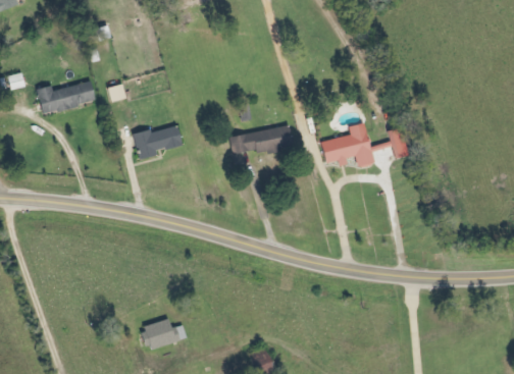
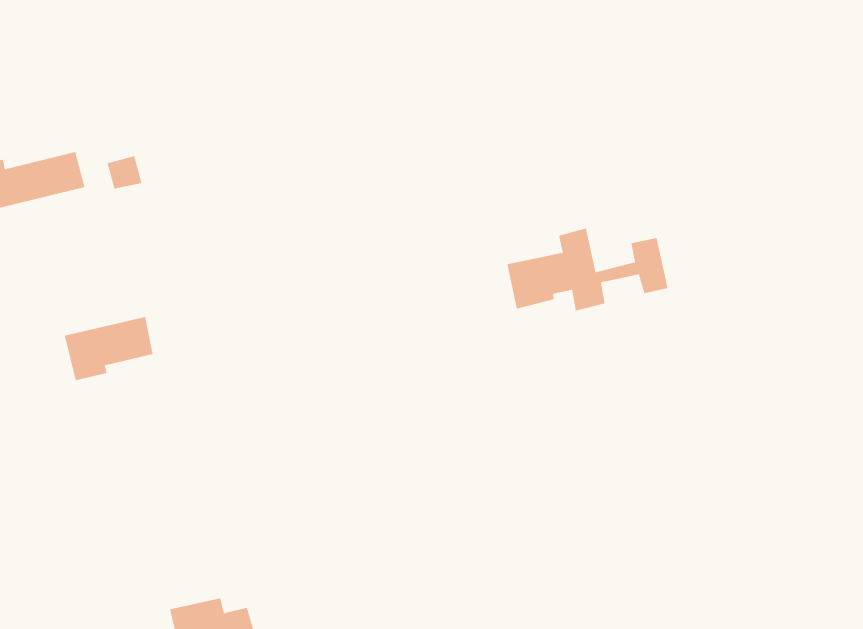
building: [134,124,182,159] -> [64,316,153,381]
building: [230,125,293,156] -> none

